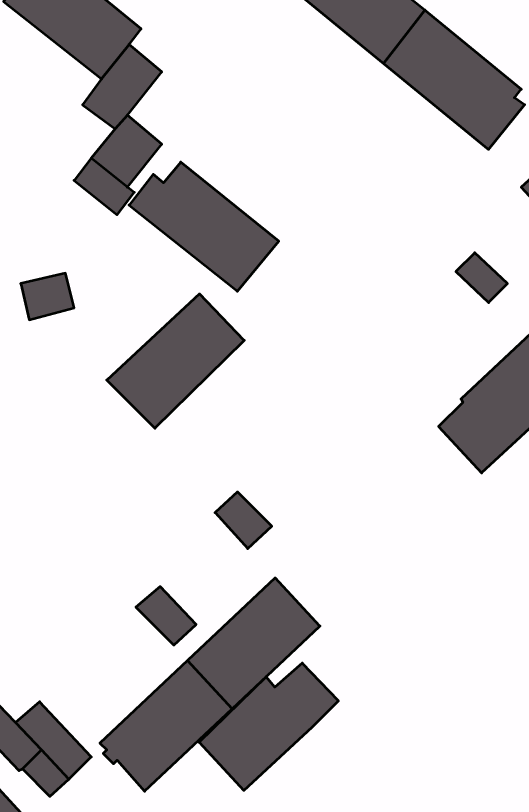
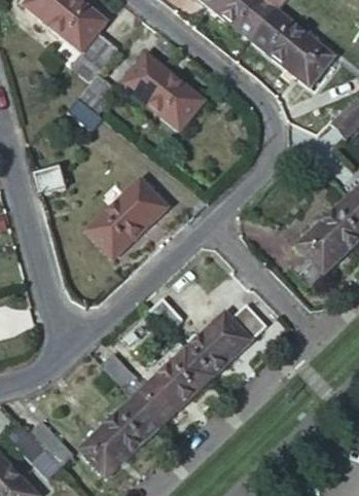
building: [129,162,279,291] -> [113,52,203,130]
building: [199,663,338,790] -> [185,302,268,378]

